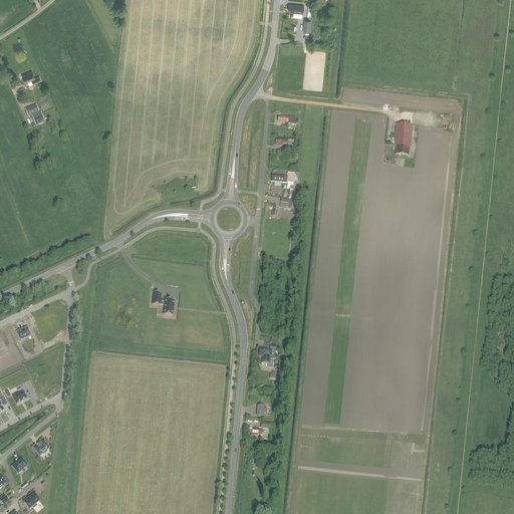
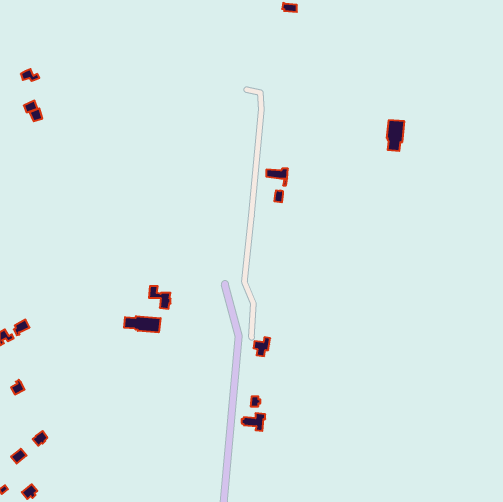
building: none -> [124,316,161,332]

